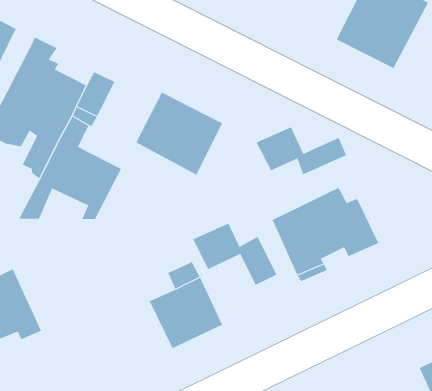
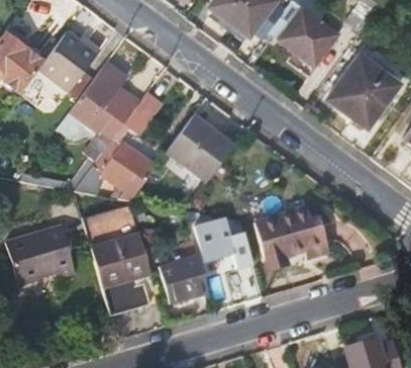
building: [256,126,347,175] -> none
building: none -> [83,209,151,315]

